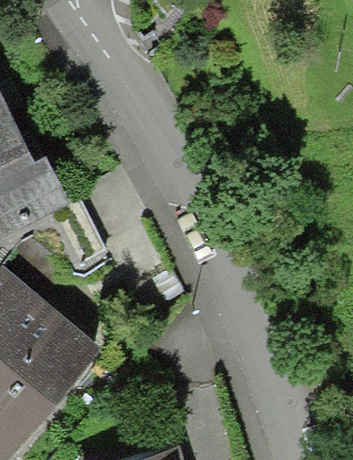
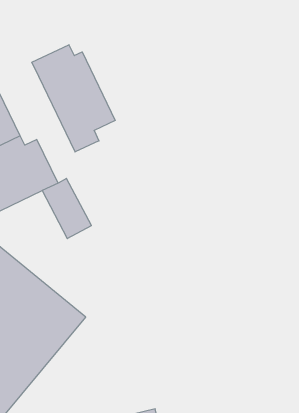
building: none -> [32,45,115,152]

